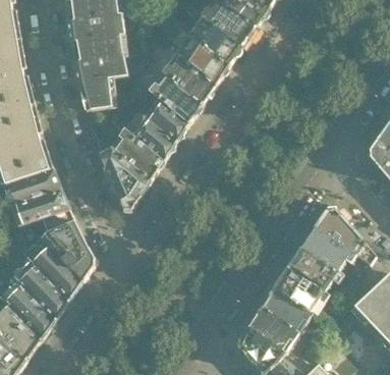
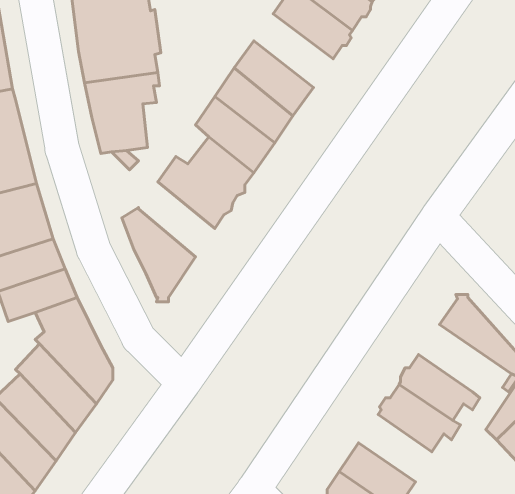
building: [189,16,243,66] -> none
building: [111,130,163,181] -> none
building: [301,227,357,273] -> none
building: [261,288,313,334] -> none

